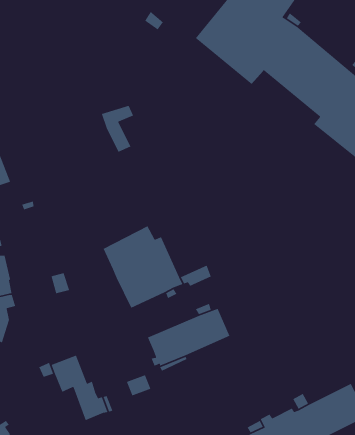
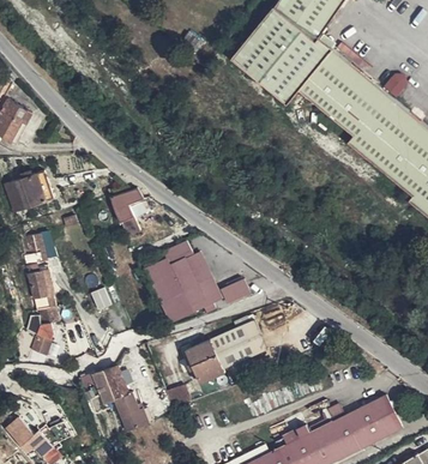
building: [101,105,134,153] -> [109,188,141,235]

